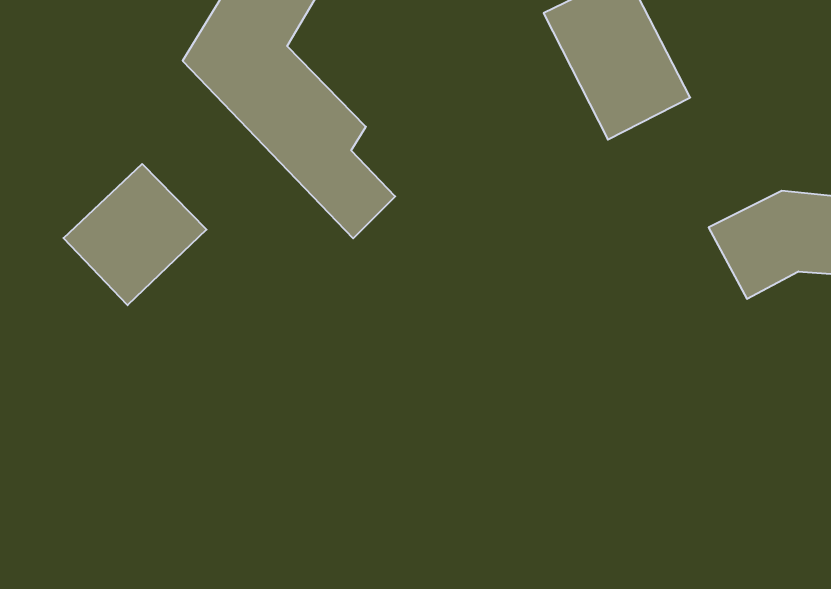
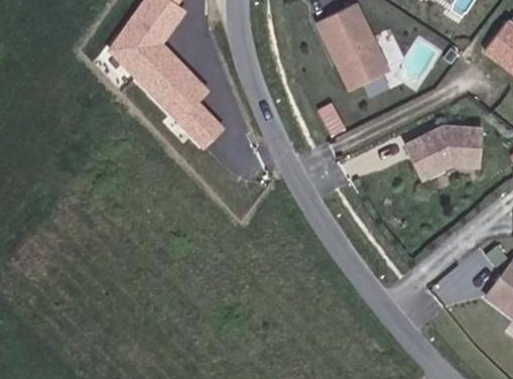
building: [63,164,207,305] -> none

